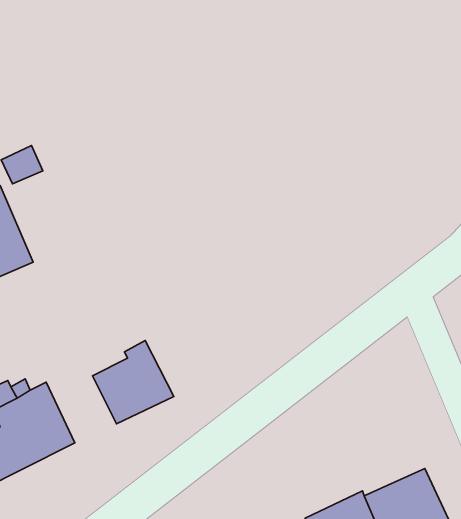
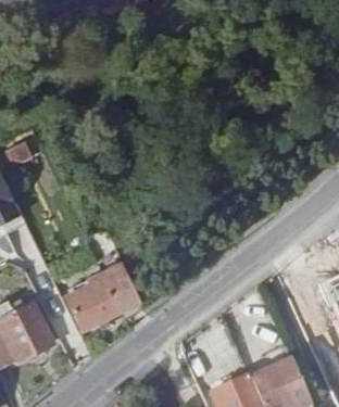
building: none -> [102,262,141,309]

